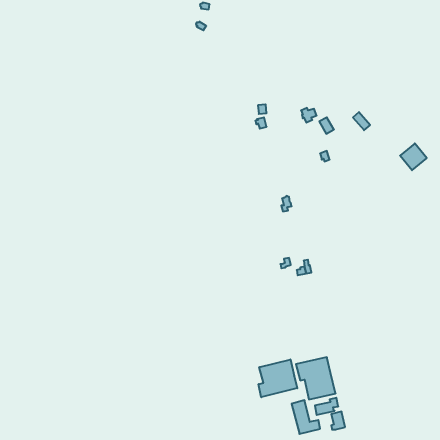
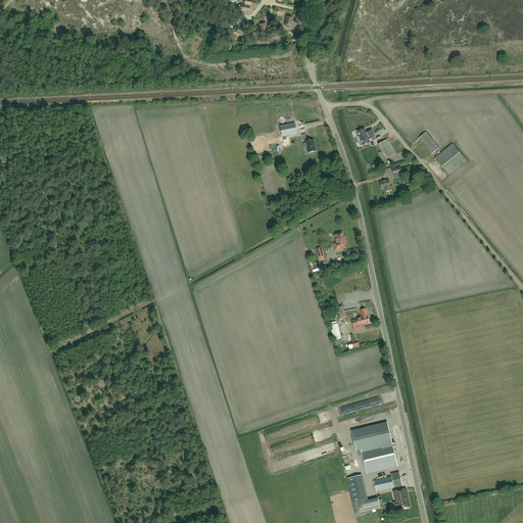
building: [400,143,427,170] -> [434,143,466,175]
building: [259,359,297,397] -> none

